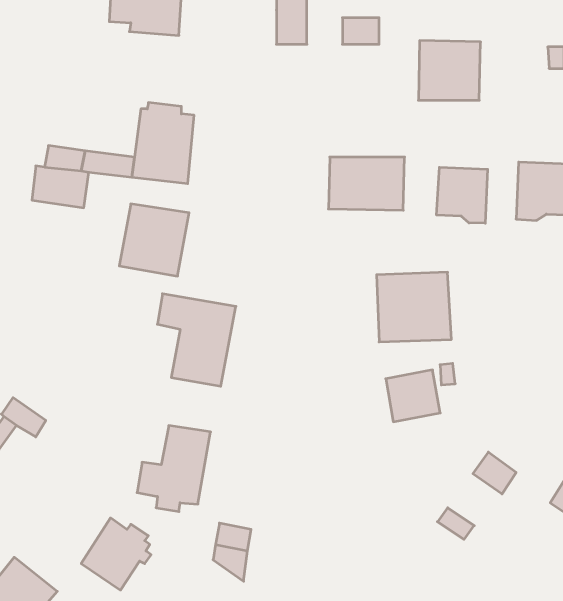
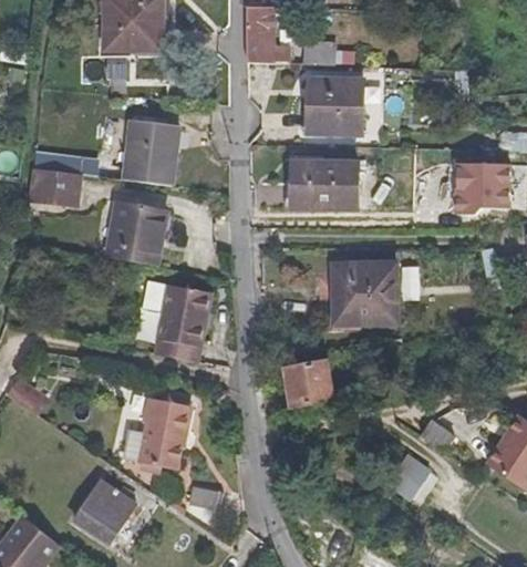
building: [418,41,481,100] -> [308,80,362,132]
building: [437,167,488,223] -> none
building: [386,370,440,422] -> [286,360,333,405]

